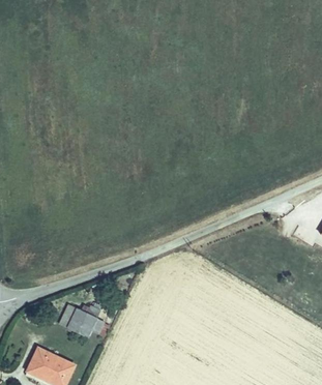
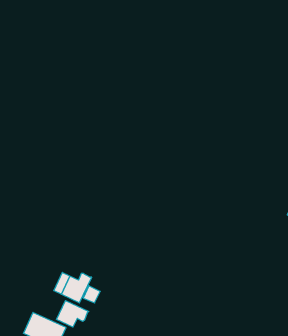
building: none -> [57,301,89,327]

